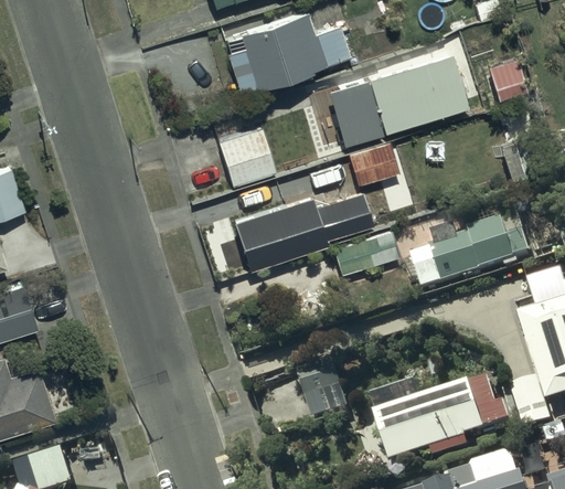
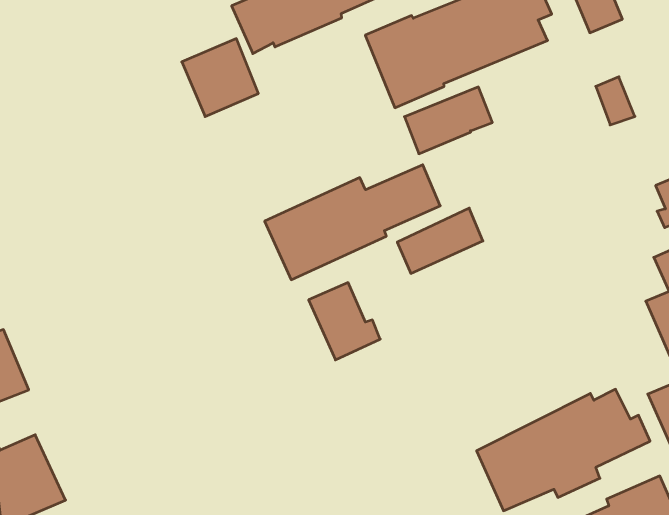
building: [217,128,274,185] -> [182,39,258,117]
building: [414,221,531,293] -> none
building: [299,363,351,422] -> [309,283,380,360]

